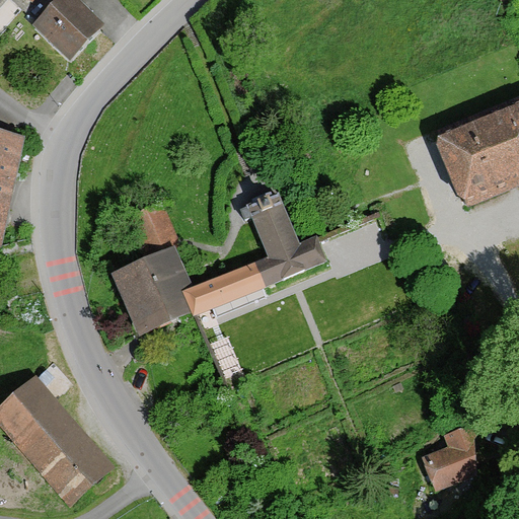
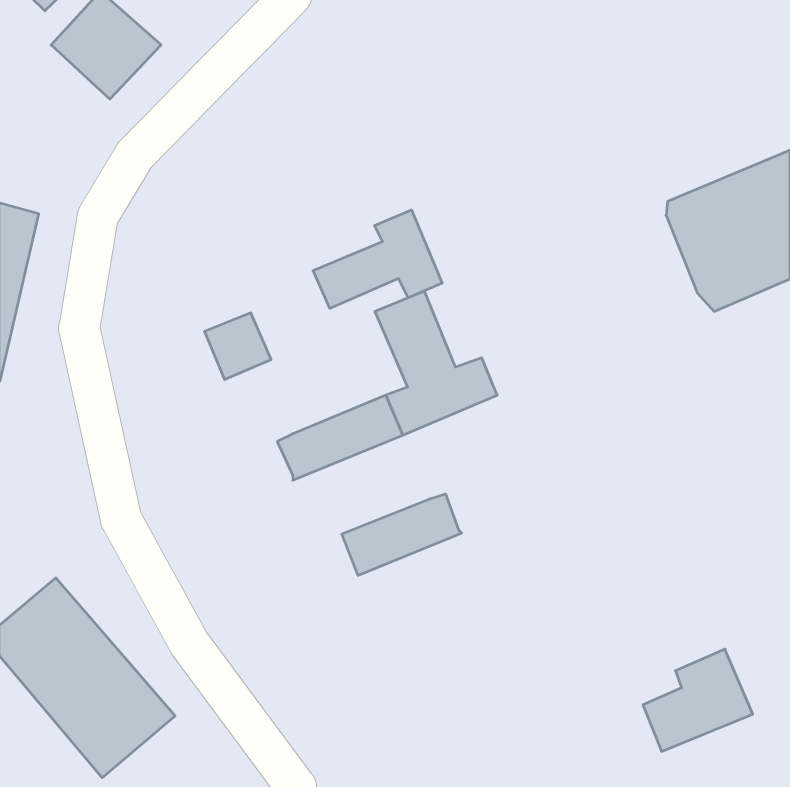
building: none -> [313,210,442,308]
building: [109,242,192,335] -> none
building: none -> [342,494,462,575]

